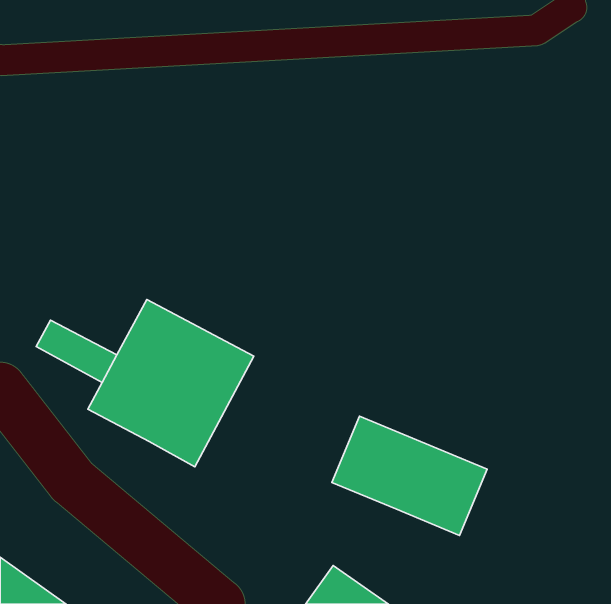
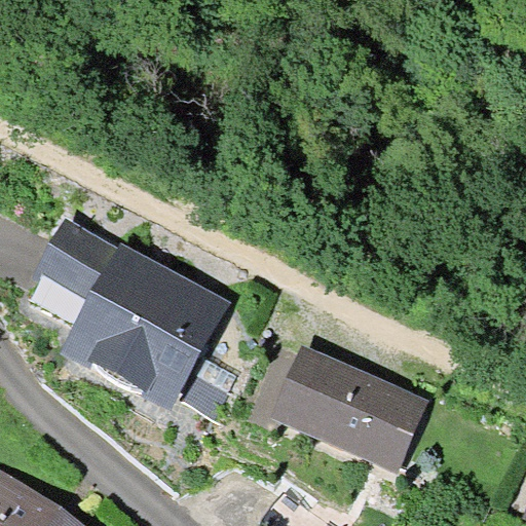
building: none -> [46,225,128,303]

